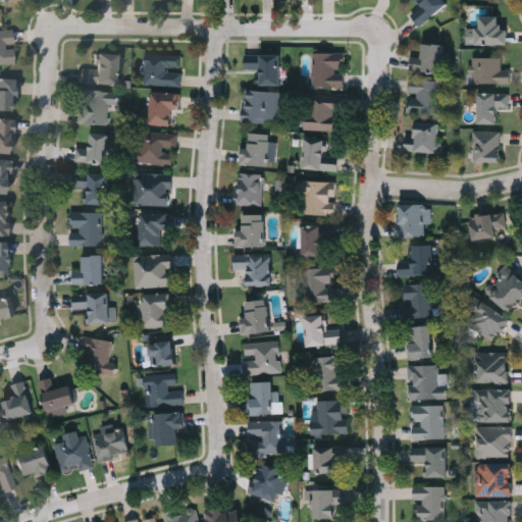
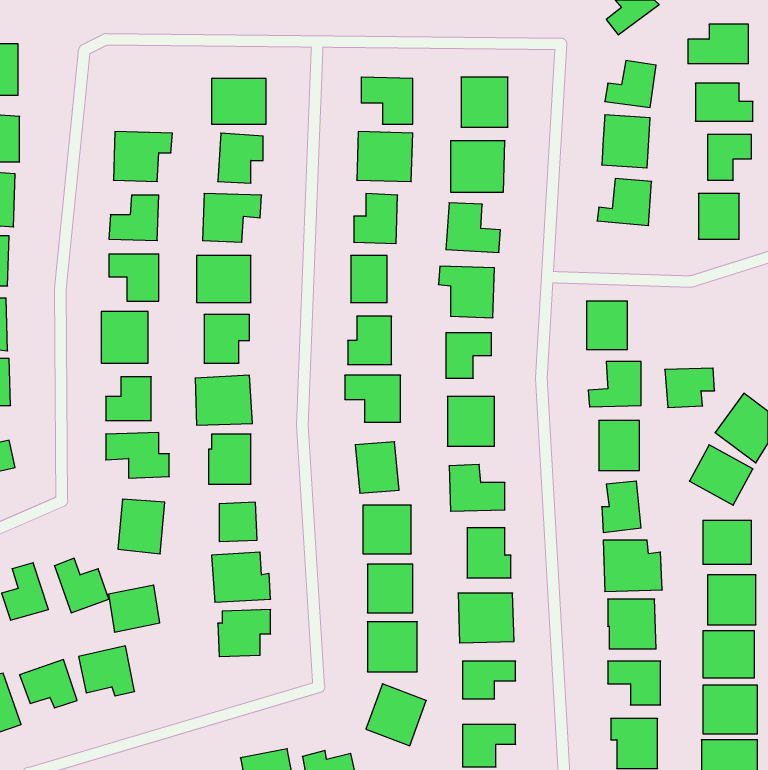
building: [79,53,115,86] -> none
building: [469,214,503,241] -> [665,368,715,407]
building: [92,429,126,461] -> [108,585,160,632]

